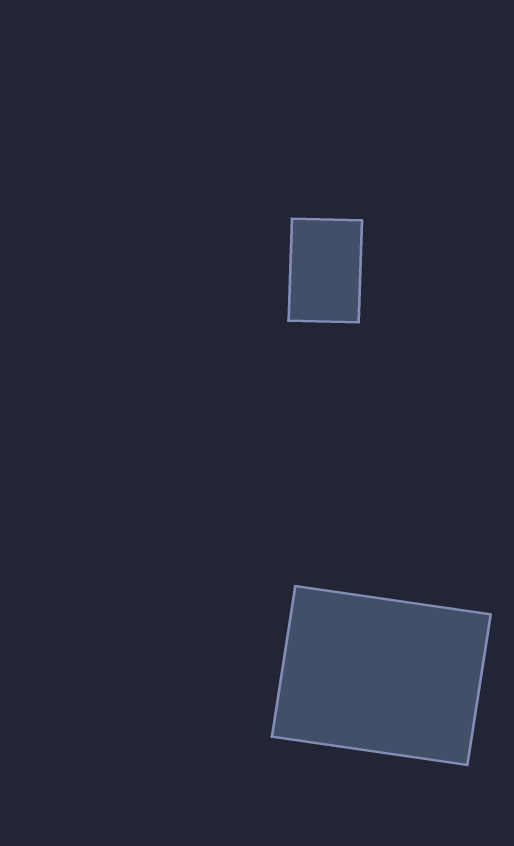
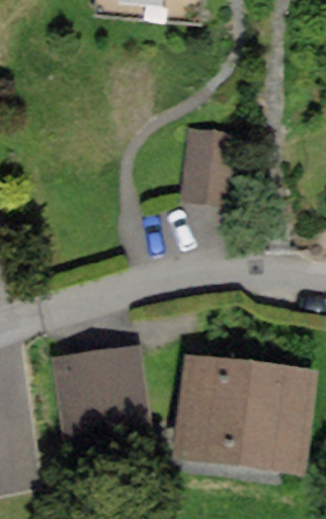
building: none -> [56,350,148,445]

